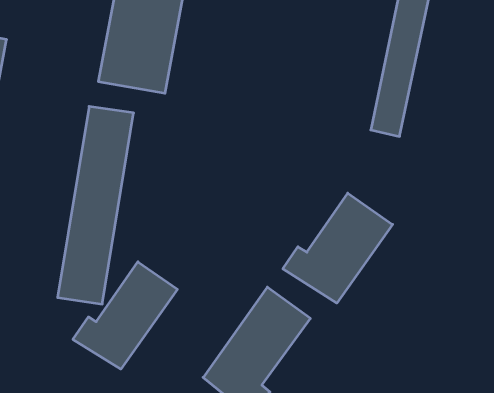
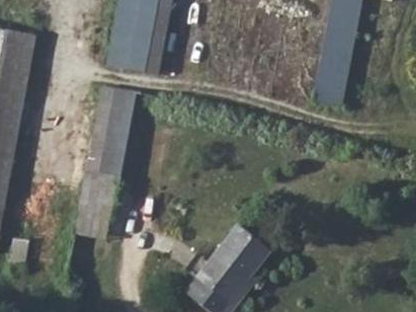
building: [283,193,393,303] -> none
building: [73,262,177,369] -> none

